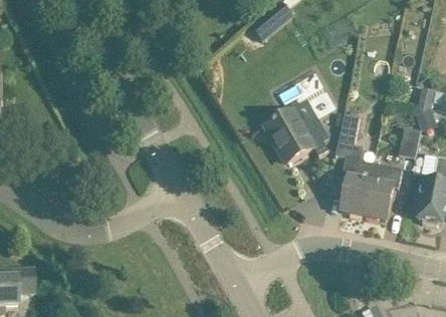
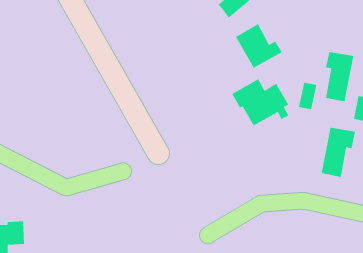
building: none -> [235,23,282,68]
building: [342,157,374,214] -> [325,51,354,102]

